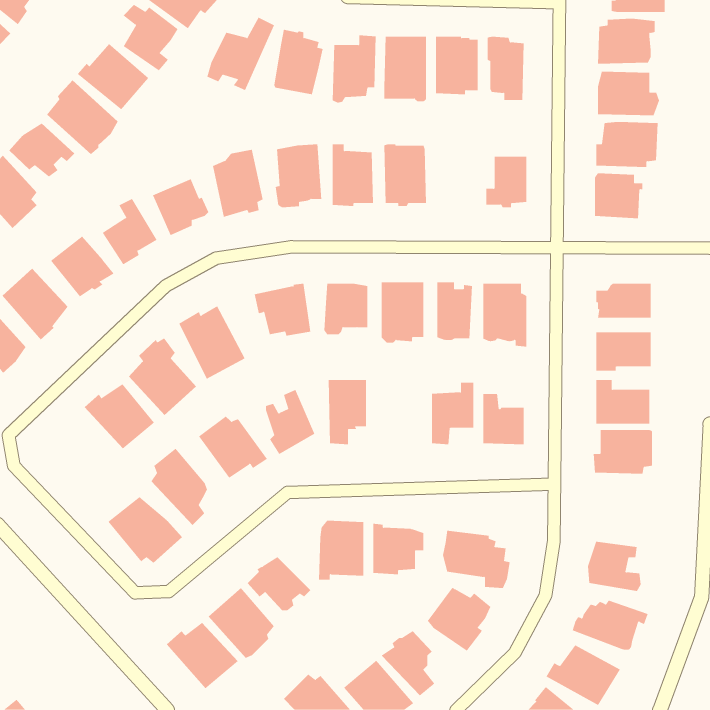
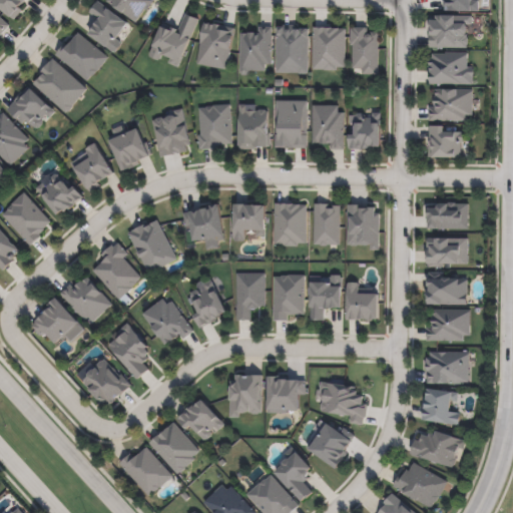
building: none -> [312,104,343,148]
building: none -> [273,274,304,321]
building: none -> [31,298,84,343]
building: none -> [425,350,474,383]

